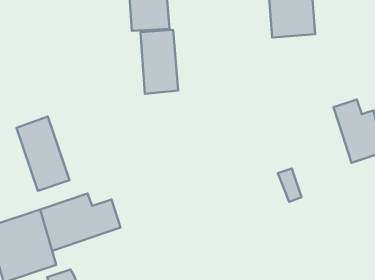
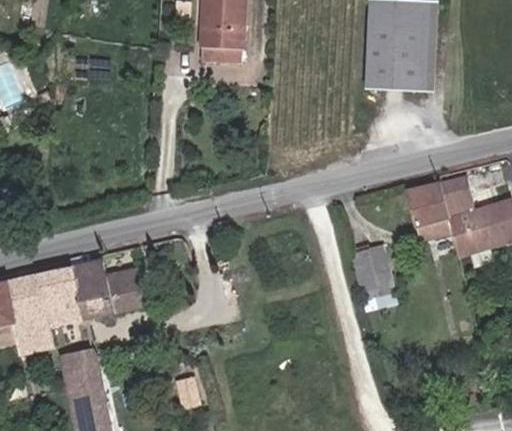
building: [141,30,178,94] -> none
building: none -> [399,184,446,228]
building: [16,117,69,191] -> none

